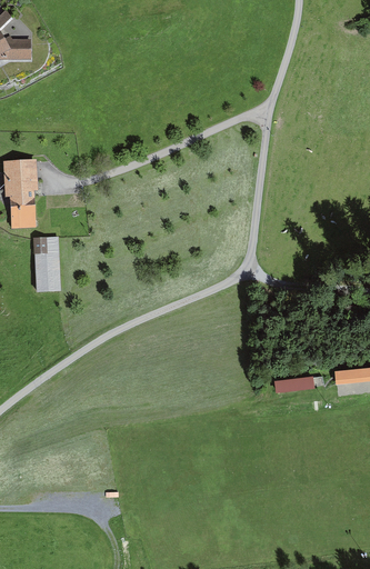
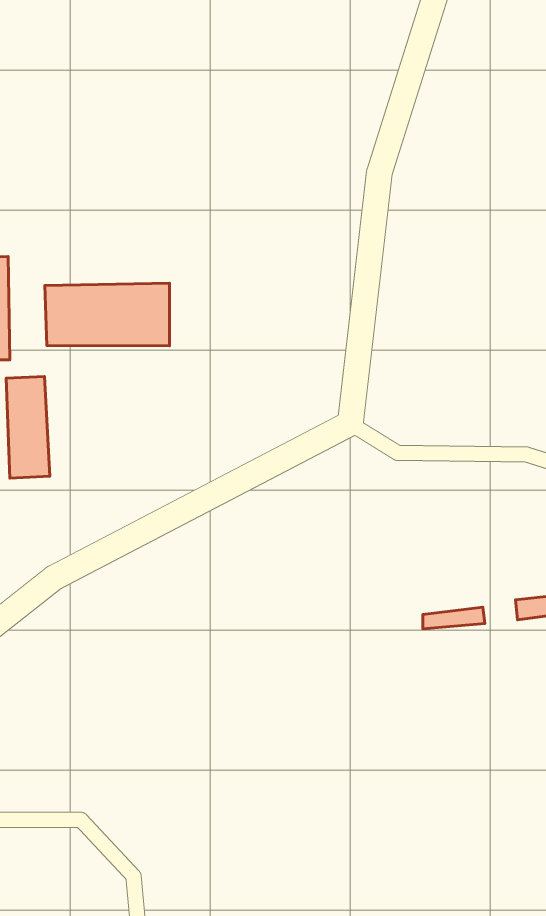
building: none -> [45,283,169,346]

